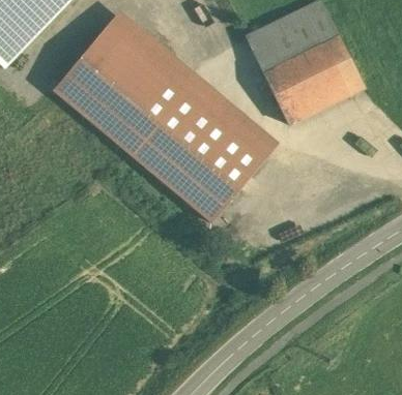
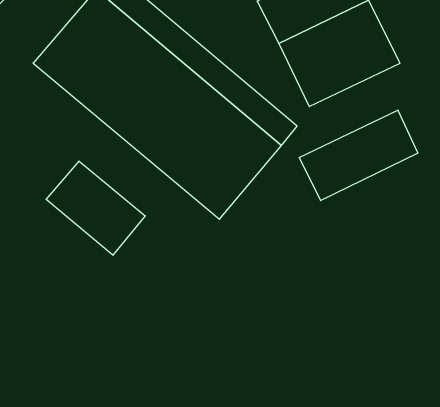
building: none -> [299,110,418,201]
building: none -> [46,161,145,255]

